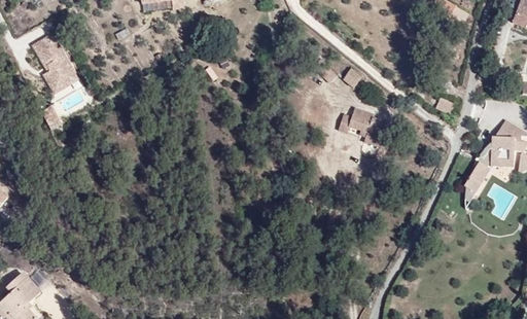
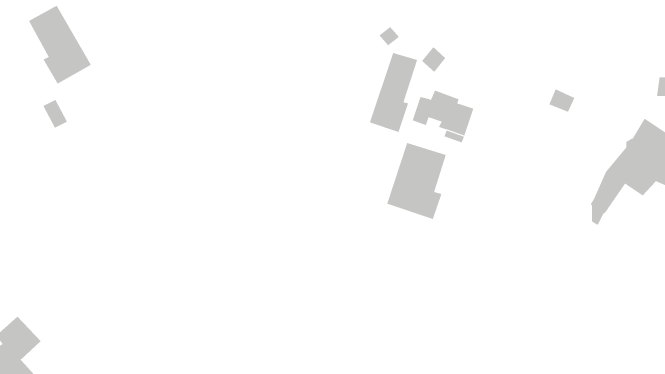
building: none -> [369,52,418,133]
building: none -> [386,142,446,220]

